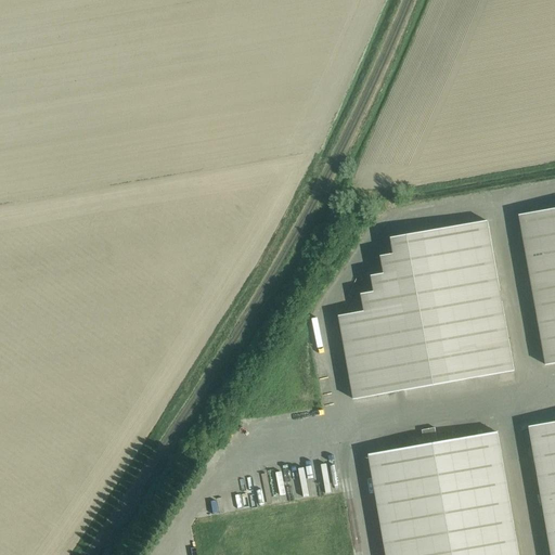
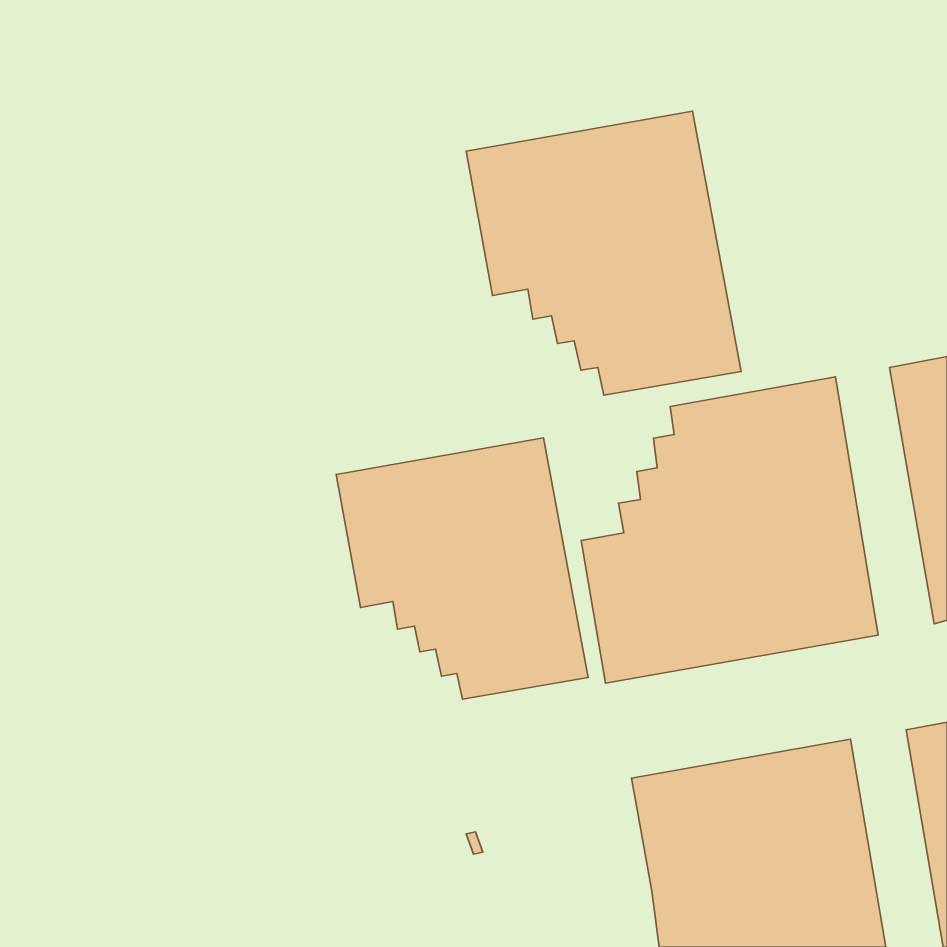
building: none -> [466,111,741,395]
building: none -> [336,438,588,699]

